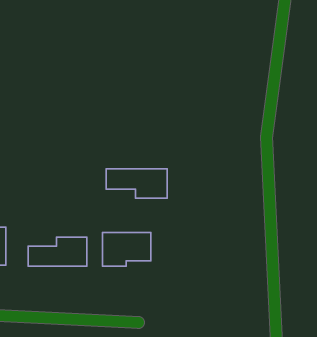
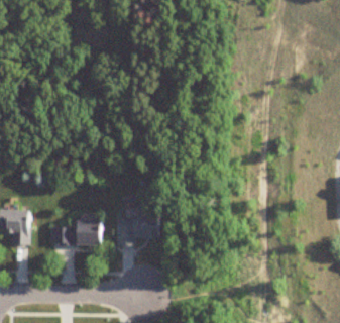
building: [106,169,167,198] -> none

